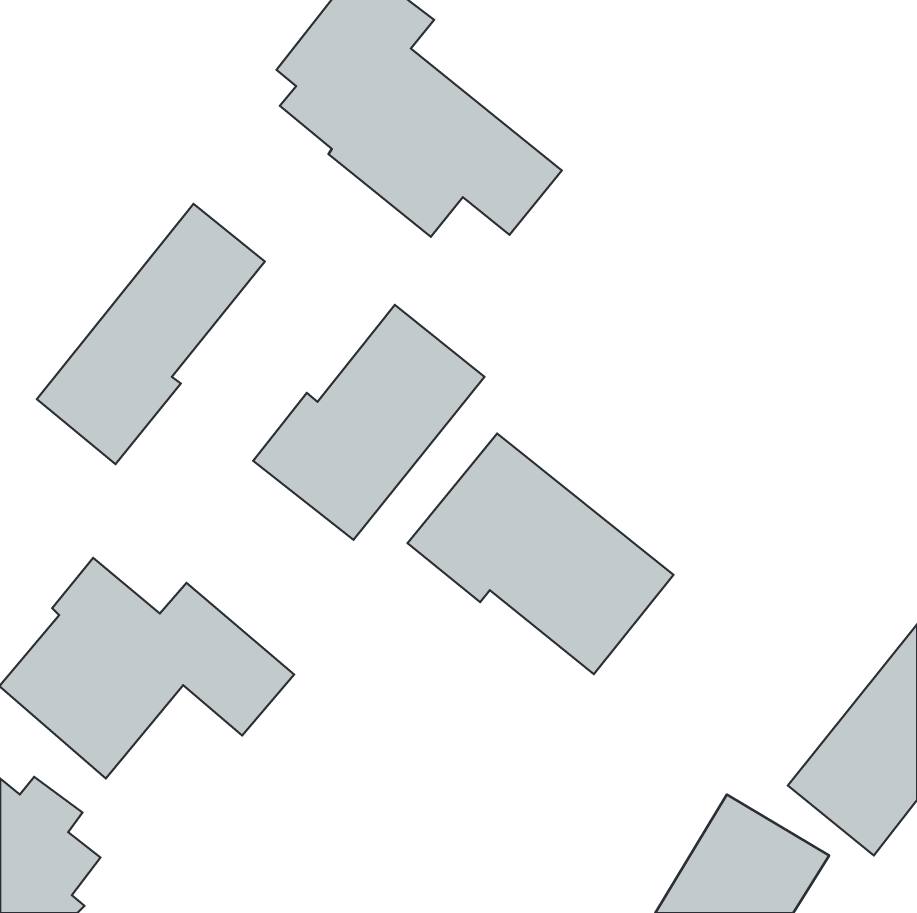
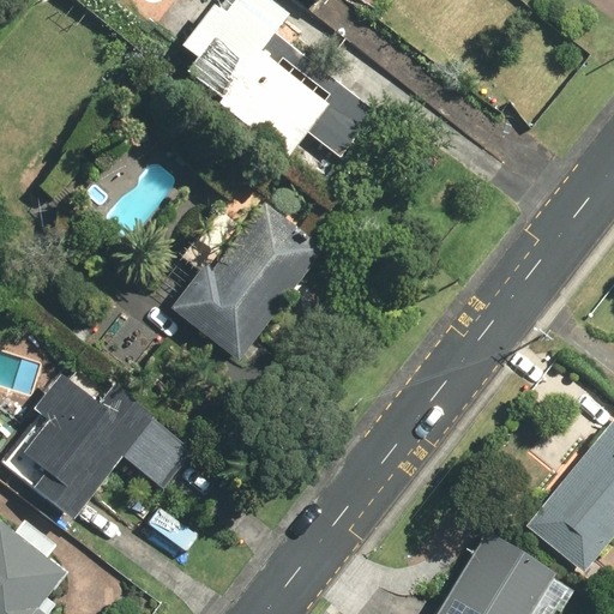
building: [37,204,265,464] -> none
building: [408,434,674,674] -> none

